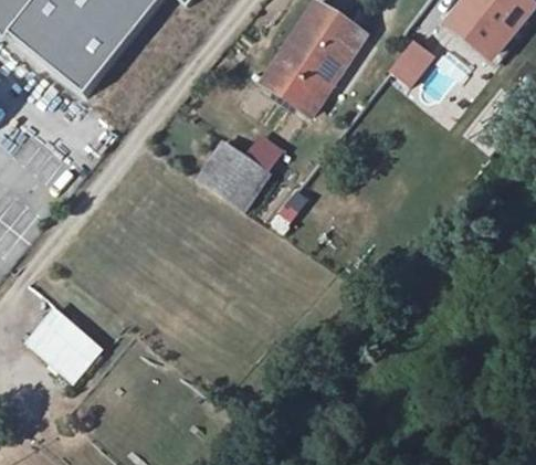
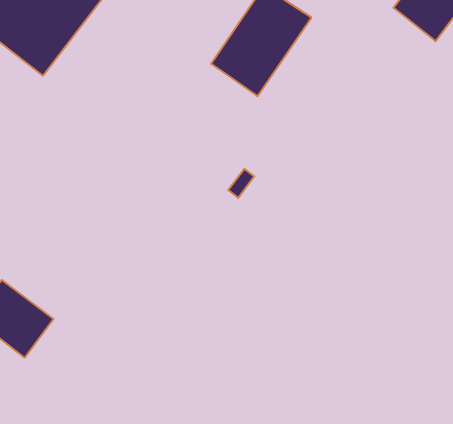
building: [386,33,431,83] -> none
building: [198,140,269,208] -> none

